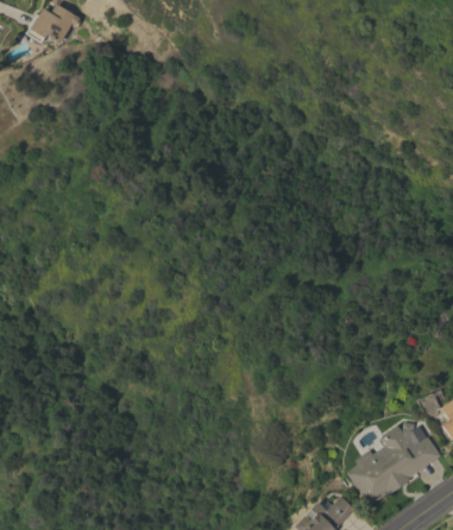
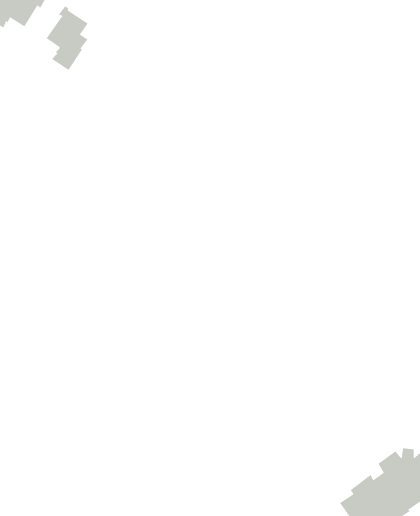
building: none -> [46,6,89,71]

